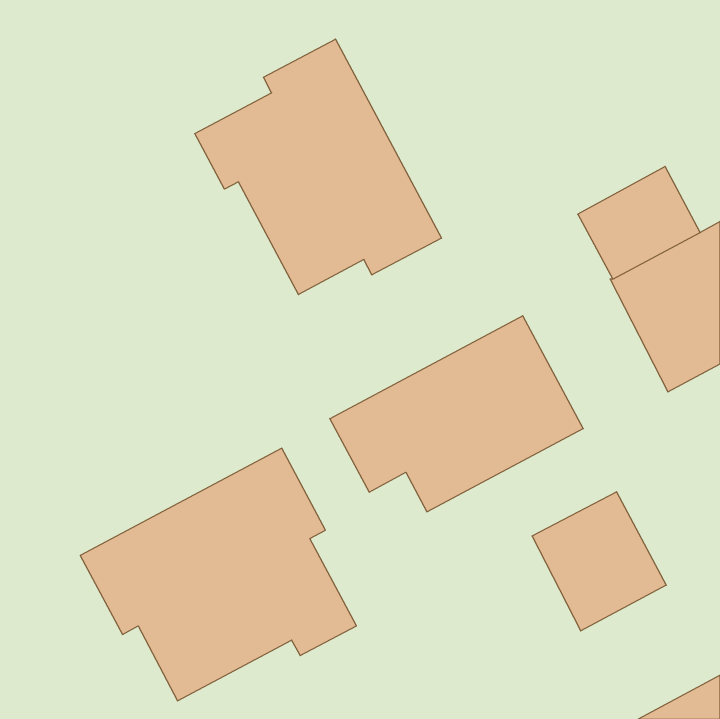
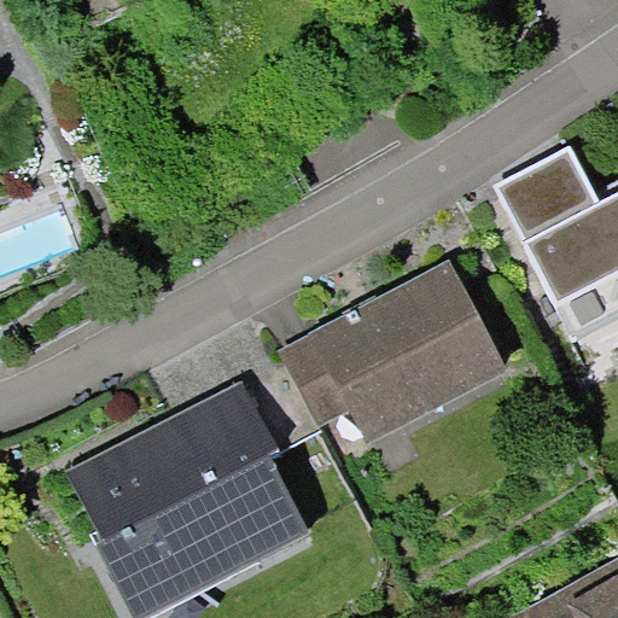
building: [195,39,441,295] -> none
building: [532,492,666,631] -> none

